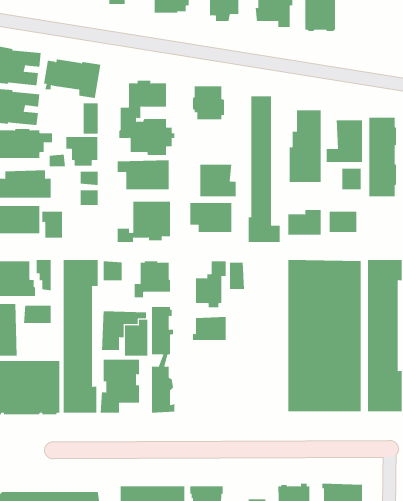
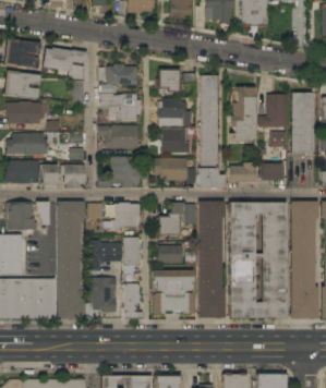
building: none -> [158,99,192,126]
building: [65,136,98,166] -> [61,166,86,189]
building: none -> [198,202,226,318]
building: none -> [154,270,194,314]

